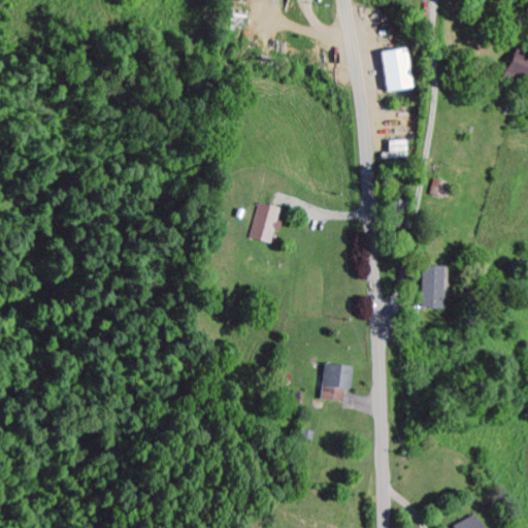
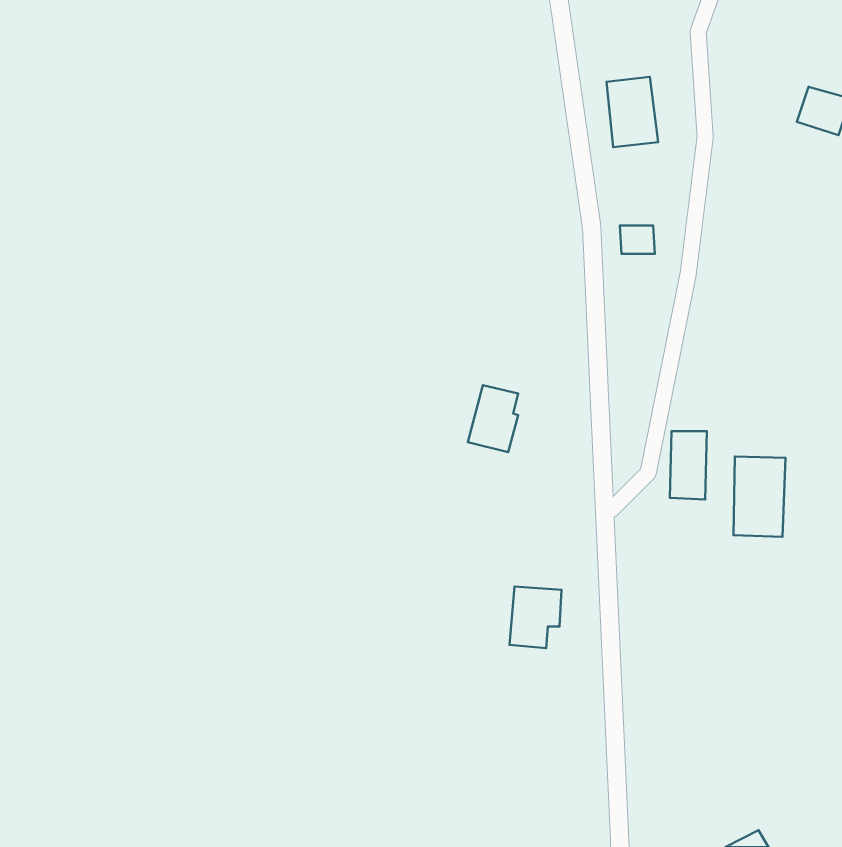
building: [252,202,283,243] -> [468,385,518,452]
building: none -> [733,457,786,537]

